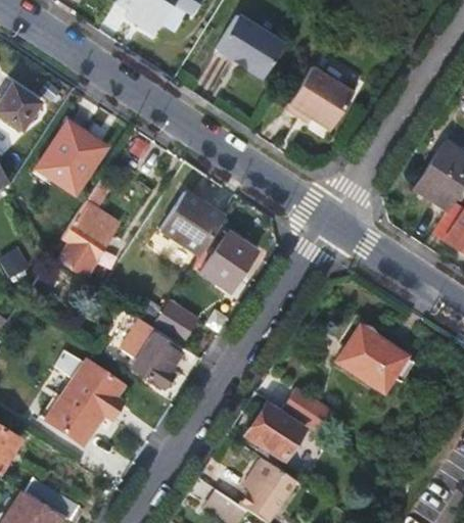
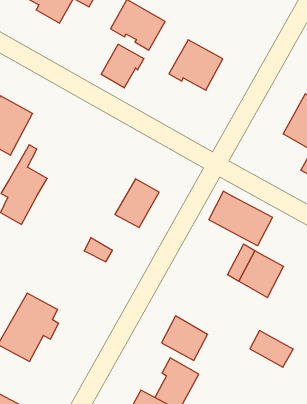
building: none -> [101,44,144,88]
building: [158,190,225,255] -> none
building: none -> [209,191,272,246]
building: [122,319,183,389] -> none
building: [283,388,336,435] -> [250,331,293,367]

